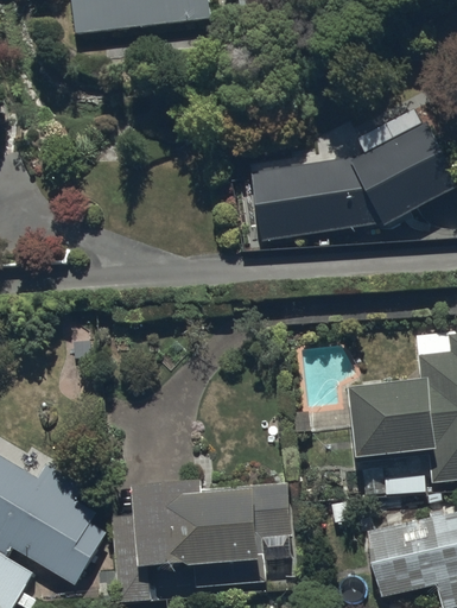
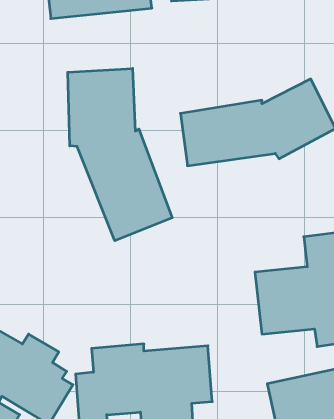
building: none -> [68,68,172,241]

